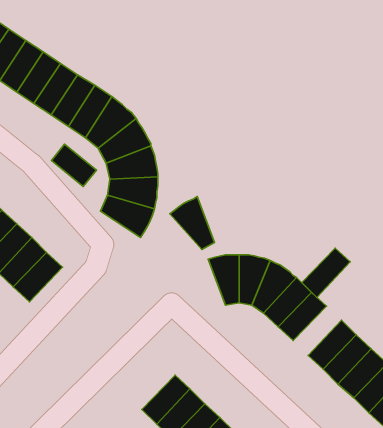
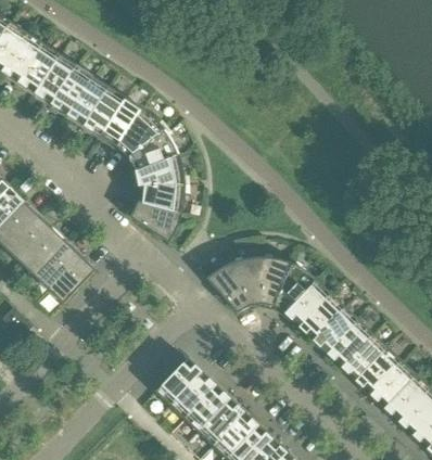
building: [51,144,96,187] -> none
building: [170,197,214,249] -> [205,260,247,310]
building: [302,248,350,297] -> [312,305,357,352]
building: none -> [154,356,200,403]

